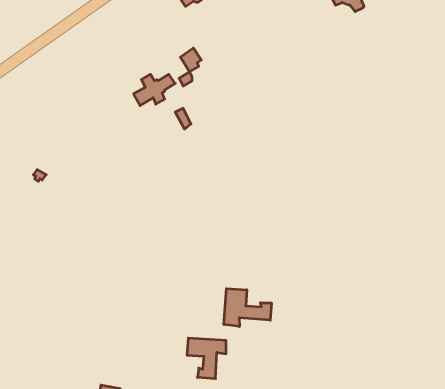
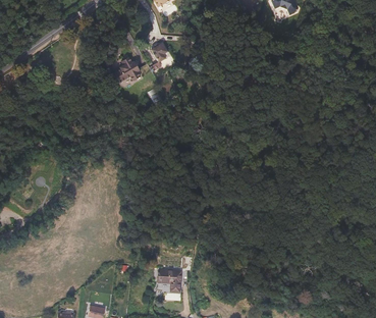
building: [224,289,271,327] -> none

